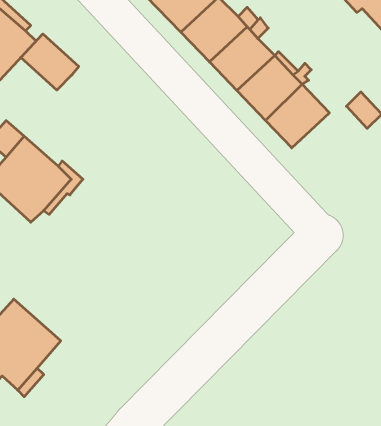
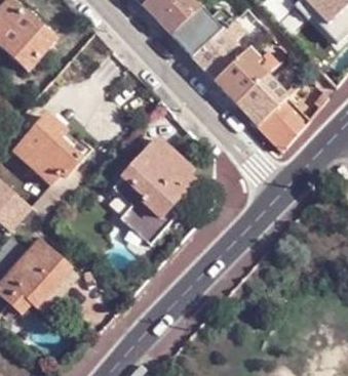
building: [21,34,79,90] -> none
building: none -> [257,95,309,149]
building: none -> [112,137,193,247]

